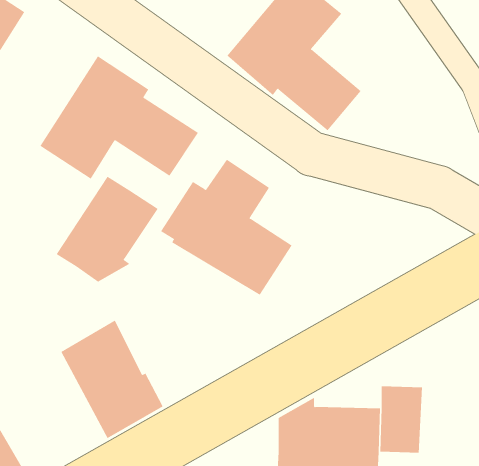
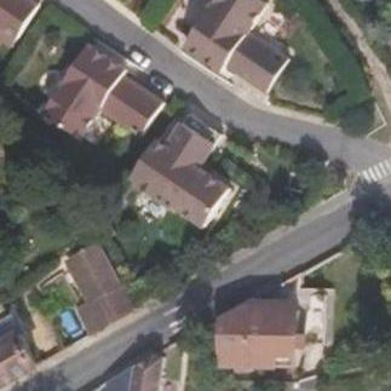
building: [56,176,158,282] -> none

